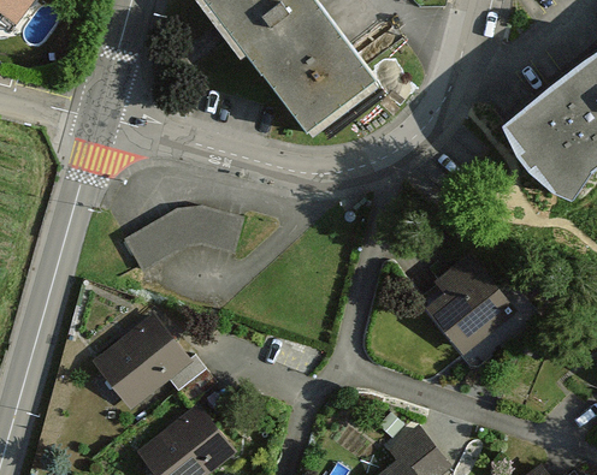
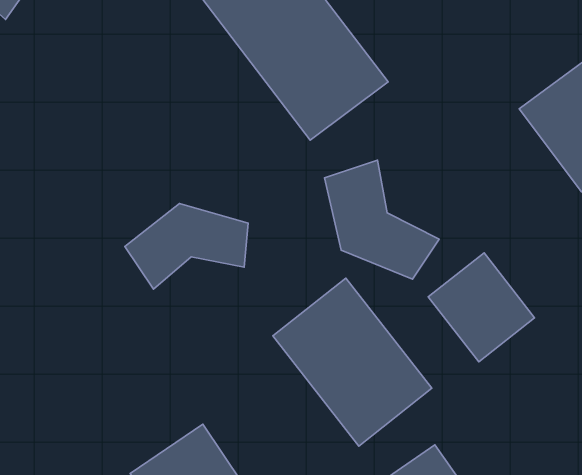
building: none -> [324,160,439,279]
building: none -> [273,278,432,446]
building: [96,311,199,409] -> none

